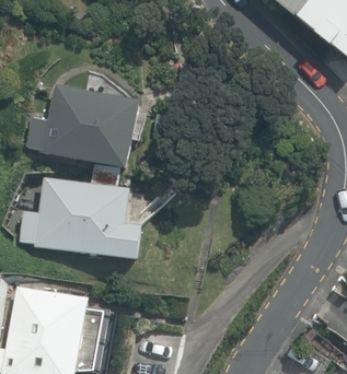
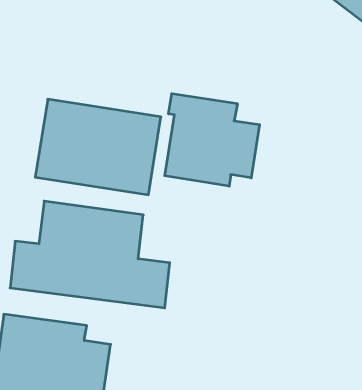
building: none -> [165,94,260,186]

